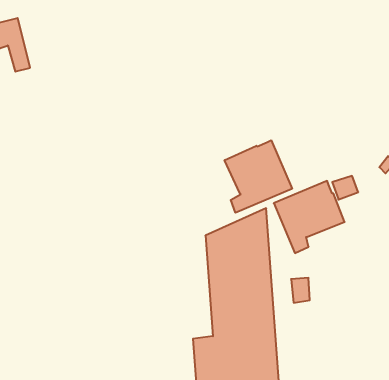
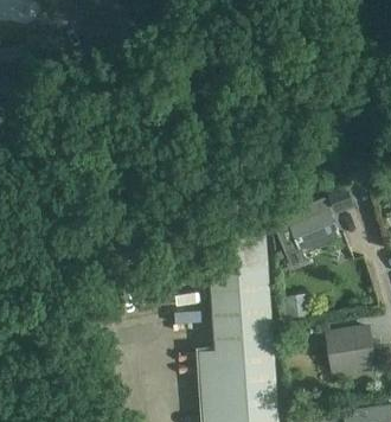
building: [225,140,292,213] -> none
building: none -> [327,327,374,371]

